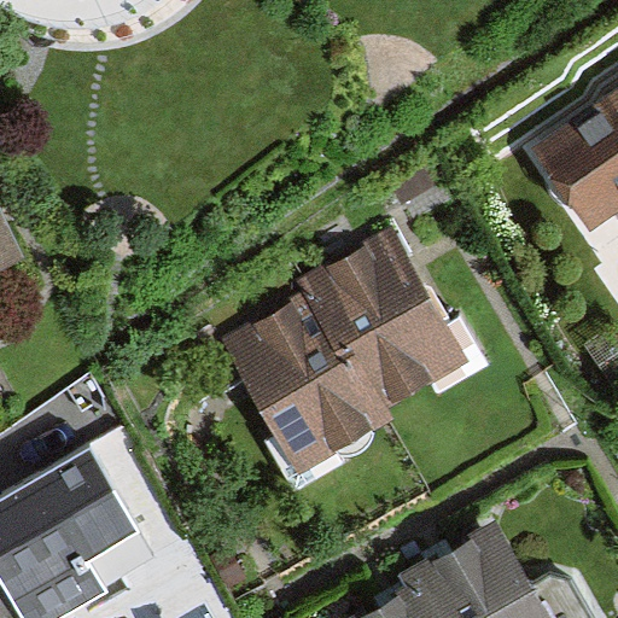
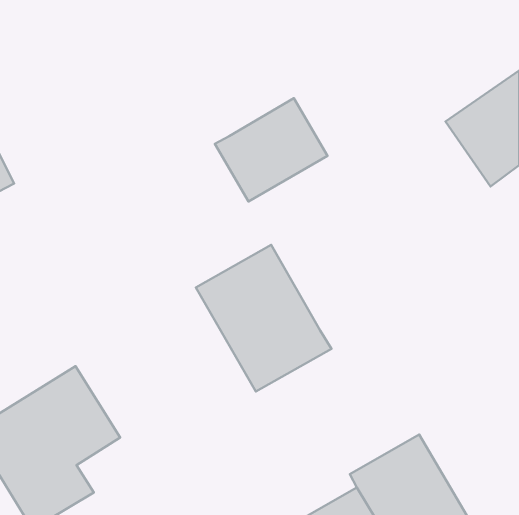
building: none -> [215,98,328,202]
building: [311,234,461,398] -> none

